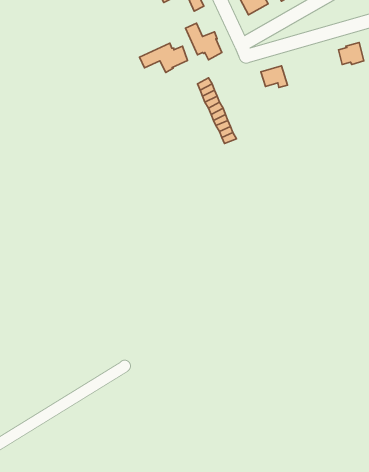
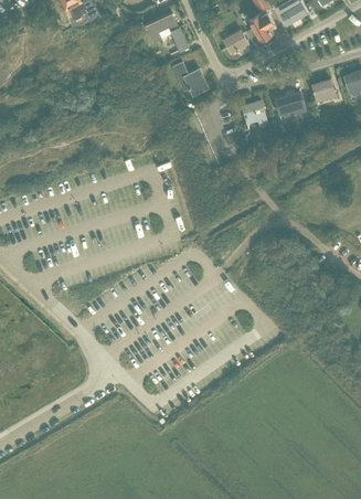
building: [139,43,187,73] -> none
building: none -> [274,89,305,113]

